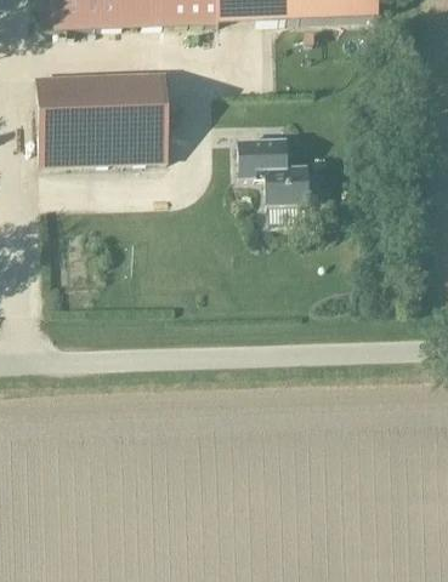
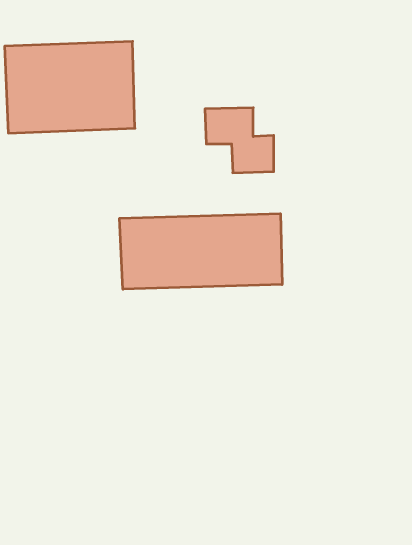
building: none -> [120,214,282,289]

